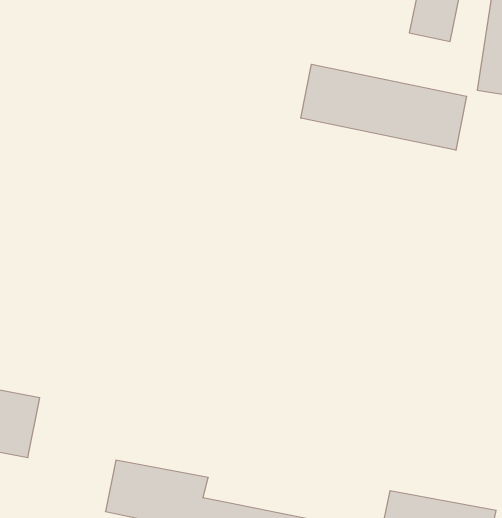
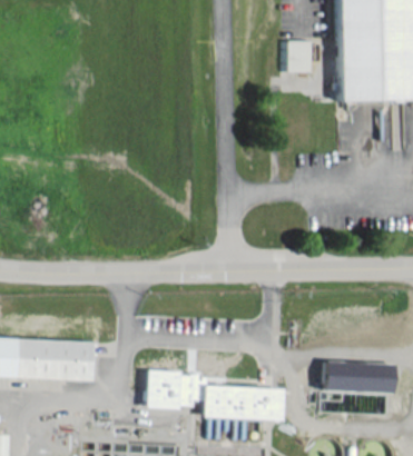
building: [301,64,467,150] -> none

